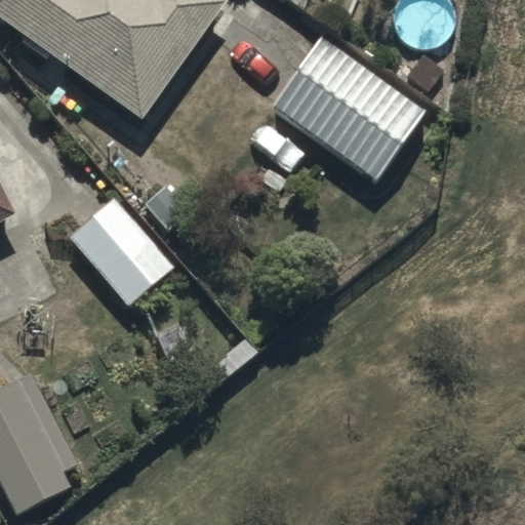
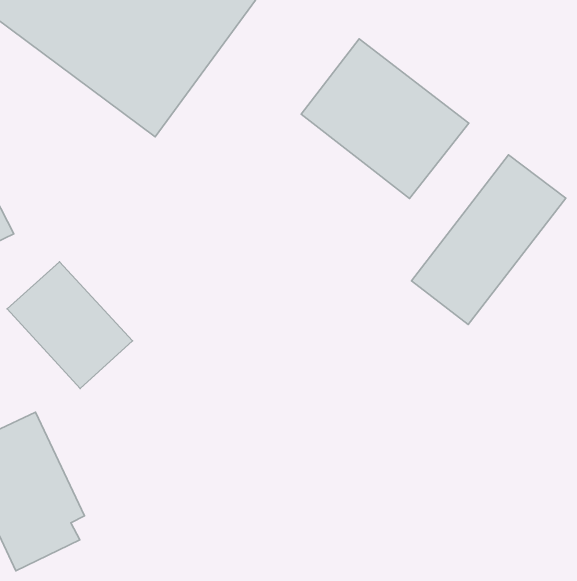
building: none -> [412,155,566,325]
building: [63,193,175,307] -> [7,262,133,389]

